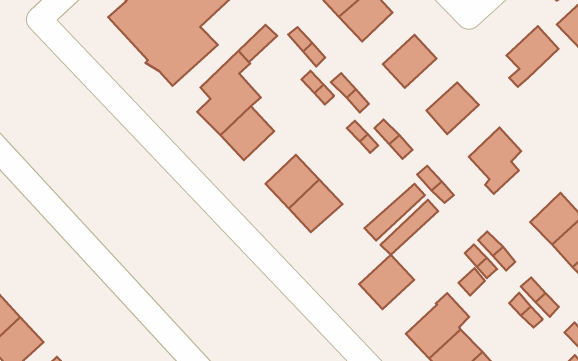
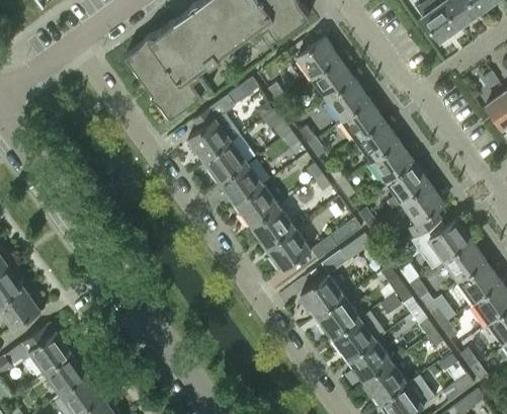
building: none -> [327,80,369,120]
building: [506,26,558,87] -> [386,163,428,210]
building: none -> [356,121,399,162]
building: none -> [220,163,262,204]
building: none -> [428,221,471,262]
building: none -> [266,229,310,270]
building: none -> [316,297,360,339]

